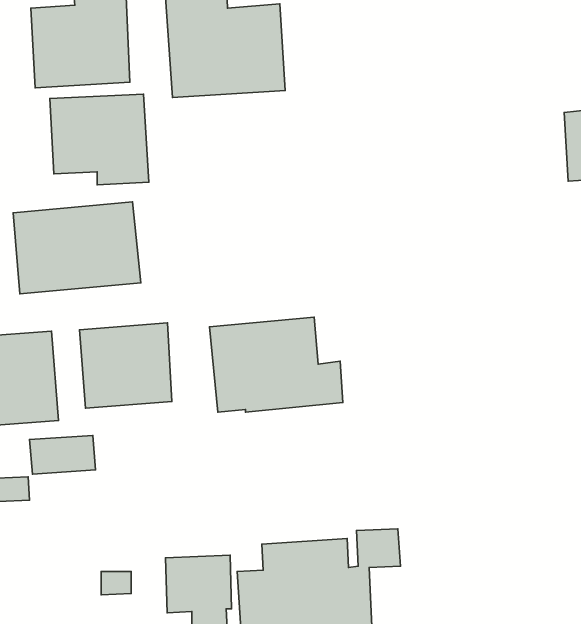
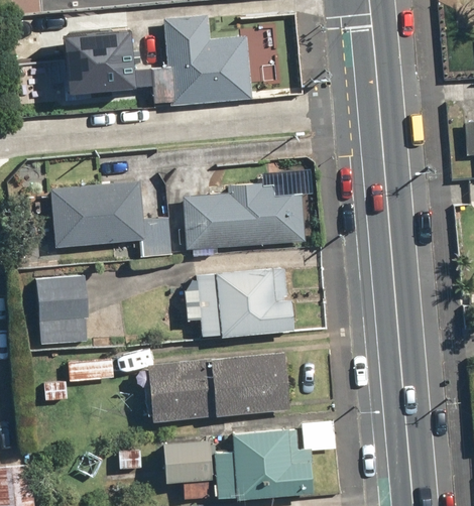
building: [50,94,149,185] -> none
building: none -> [181,183,307,250]
building: [79,323,172,408] -> none
building: none -> [148,352,290,424]

